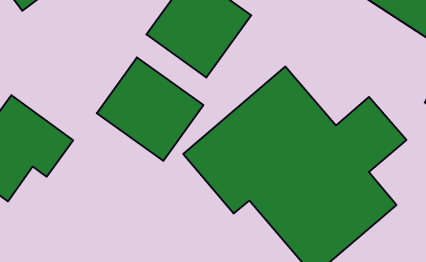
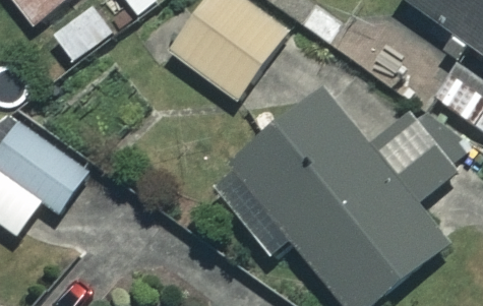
building: [97,57,203,161] -> none

